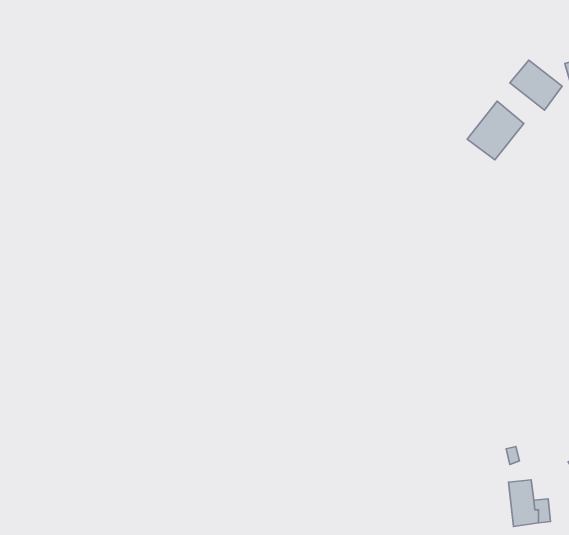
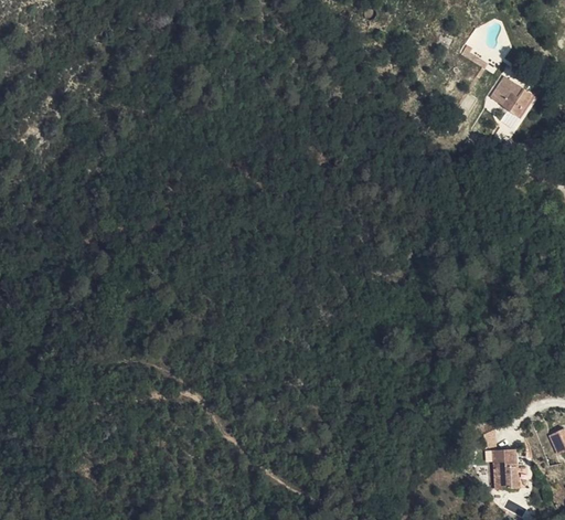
building: [467,101,524,160] -> none

